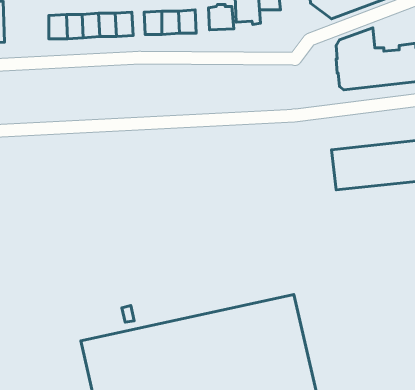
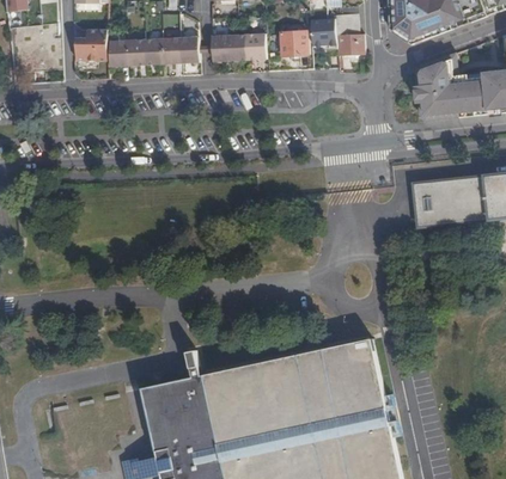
building: none -> [74,29,106,60]
building: none -> [334,32,362,53]

